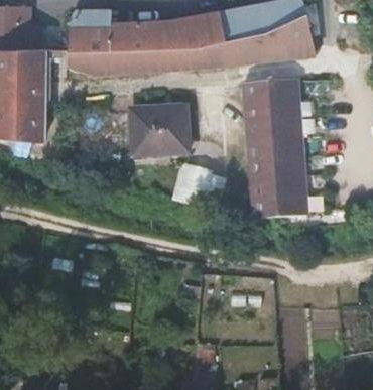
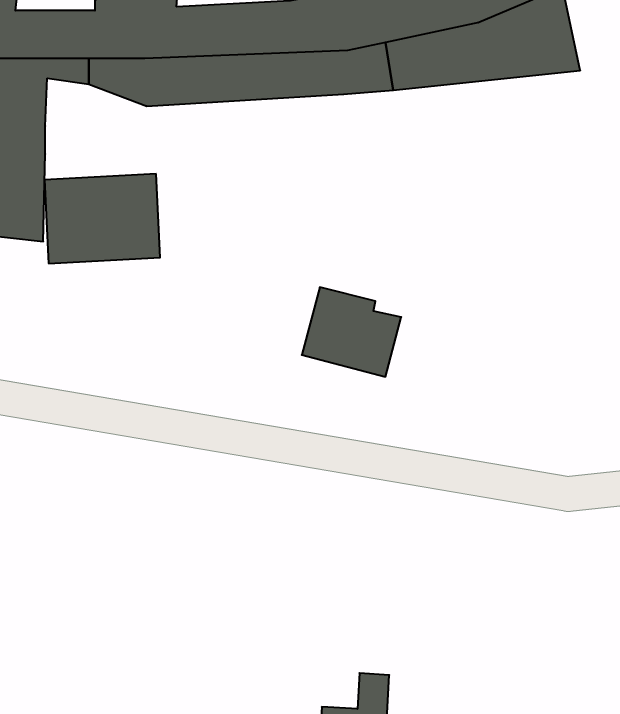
building: [239,80,307,221] -> none
building: [130,109,189,154] -> [45,174,160,263]

